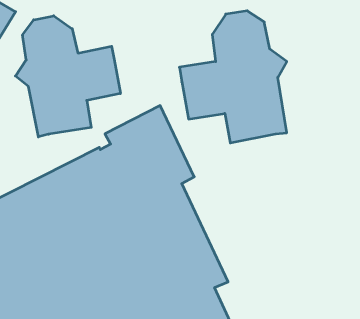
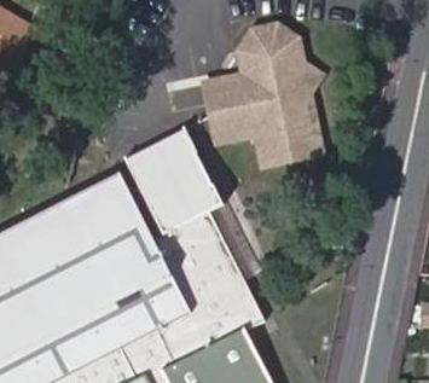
building: [15,16,120,137] -> none

